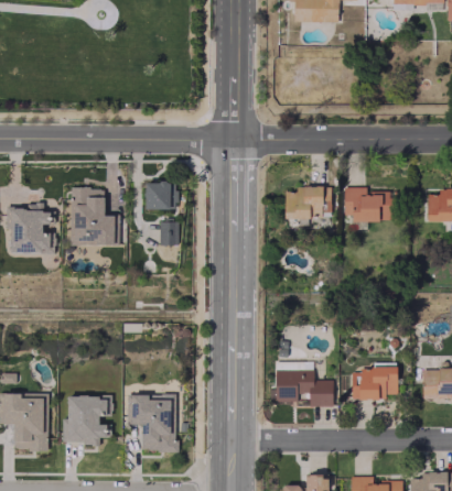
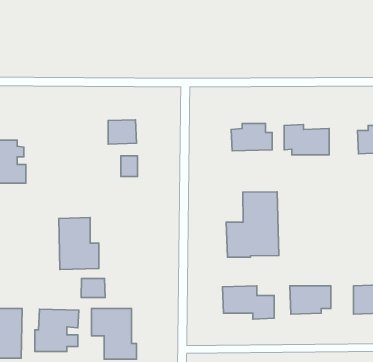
building: [69,187,115,245] -> [59,218,99,269]
building: none -> [226,192,279,257]
building: none -> [81,278,105,297]

